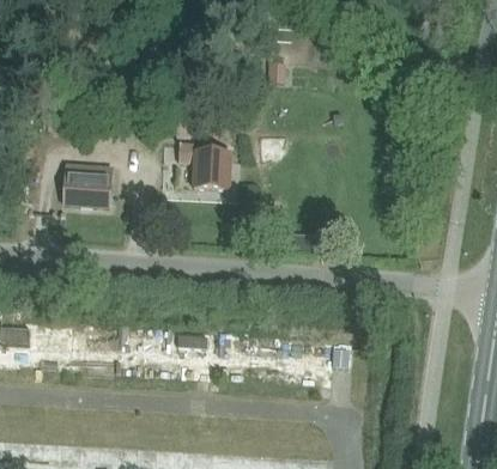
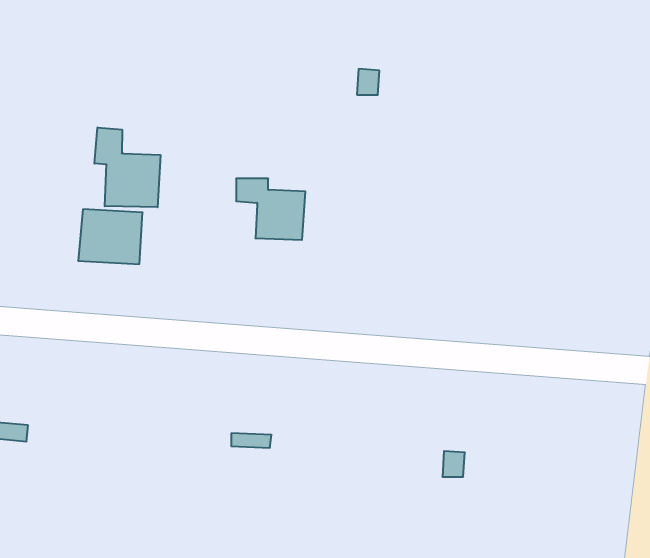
building: none -> [94,127,160,207]

